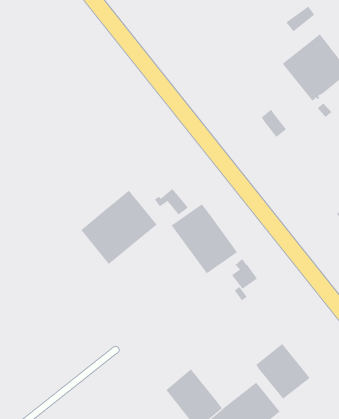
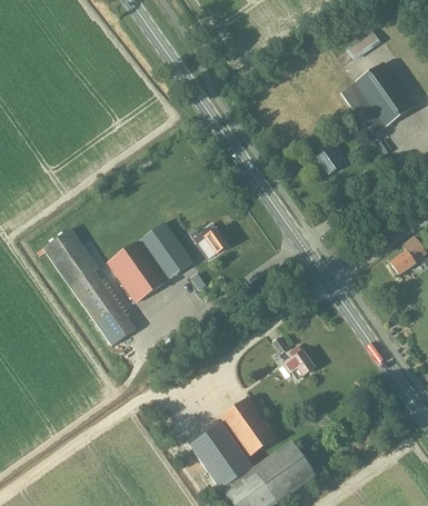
building: none -> [42,228,135,346]
building: [171,203,238,274] -> none
building: [231,258,258,289] -> [285,344,313,378]
building: [255,343,311,399] -> [218,396,278,458]

